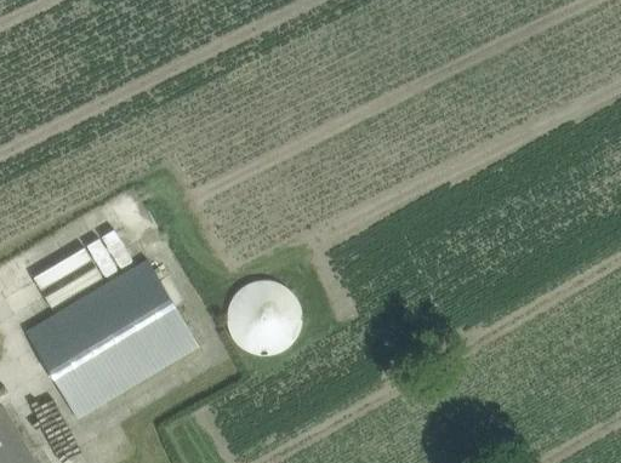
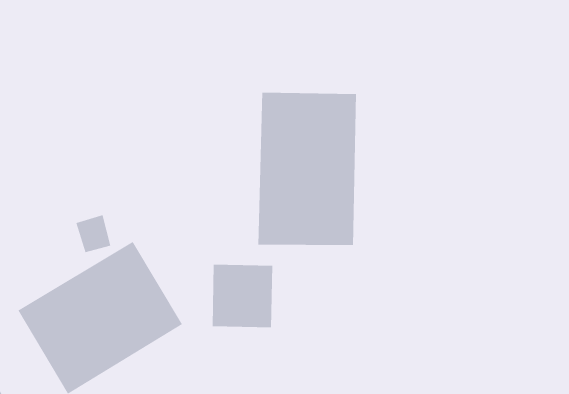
building: none -> [258,92,356,246]

